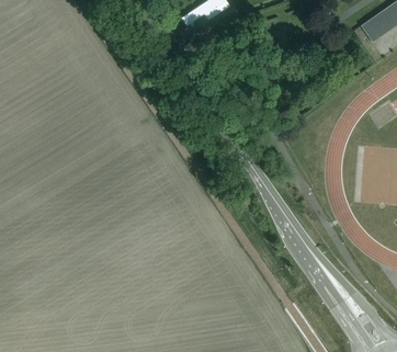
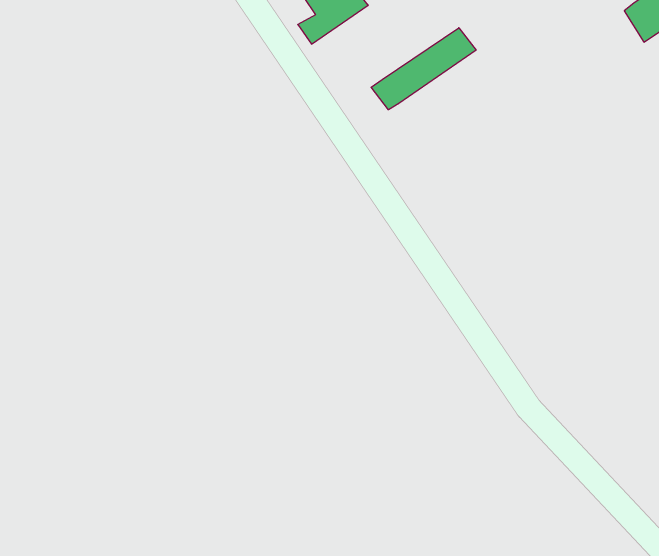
building: none -> [371,28,476,110]

